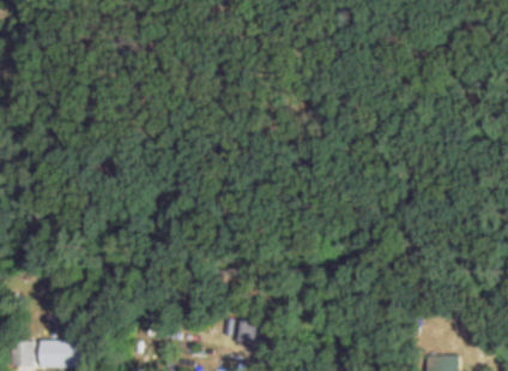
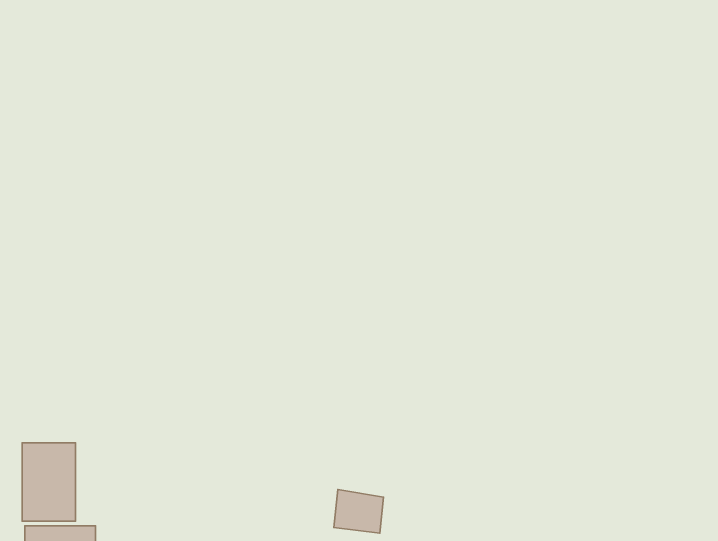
building: none -> [22,443,75,521]

